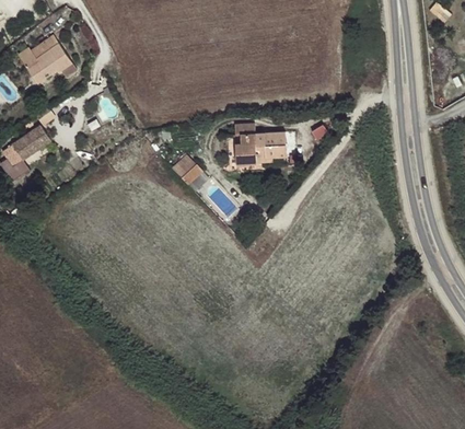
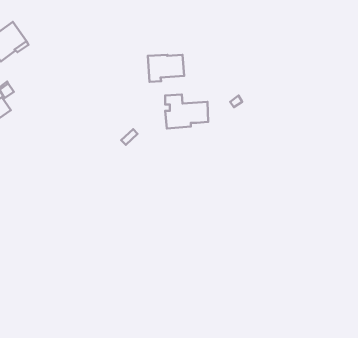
building: none -> [148,55,184,82]

